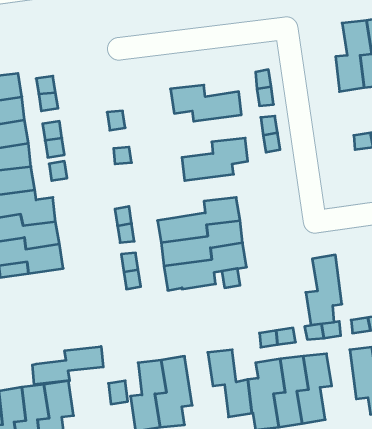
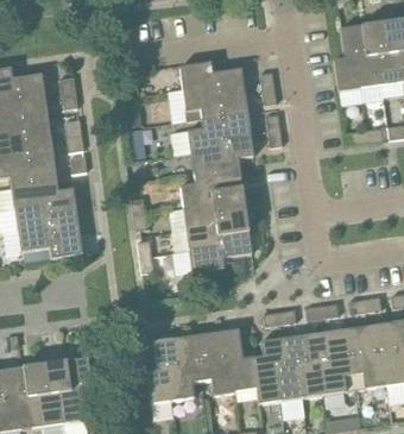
building: none -> [179,62,245,95]
building: none -> [189,112,251,151]
building: none -> [181,166,242,207]
building: [306,255,342,325] -> [320,328,353,392]
building: [32,346,103,385] -> none
building: none -> [195,331,235,394]

